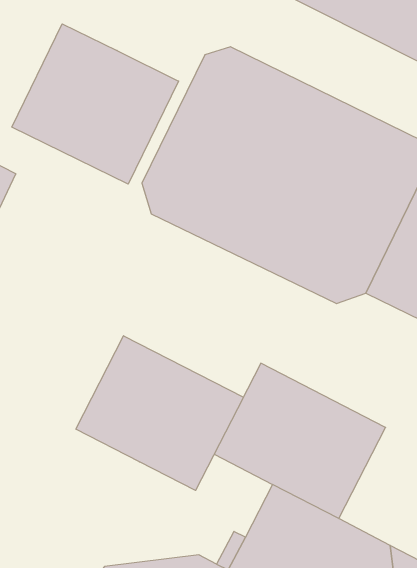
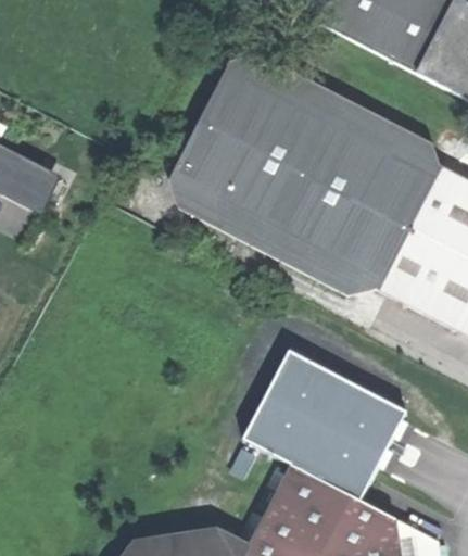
building: [12,24,179,184] -> none
building: [76,336,243,490] -> none

